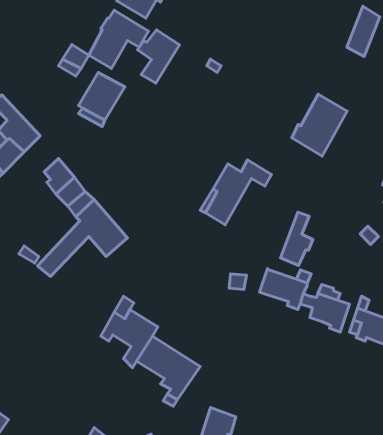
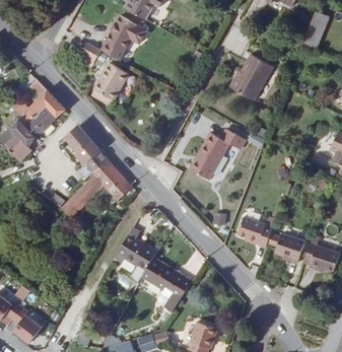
building: [137,30,180,83] -> none
building: [292,94,347,156] -> [230,52,273,99]
building: [281,212,313,265] -> none

